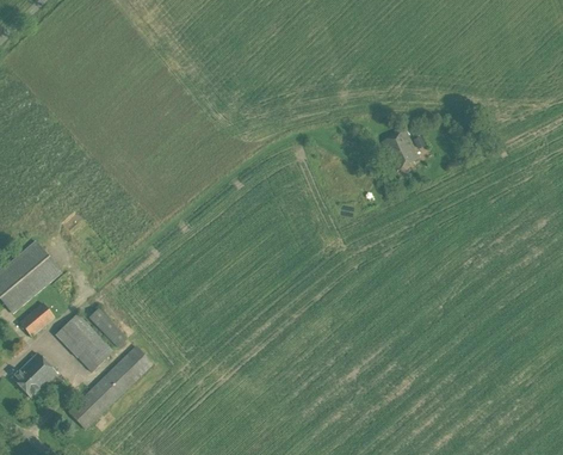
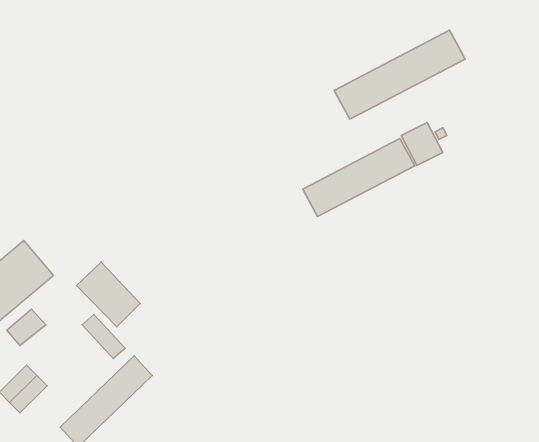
building: none -> [334,30,465,119]
building: none -> [303,139,415,216]
building: [55,312,113,371] -> [77,262,140,327]

